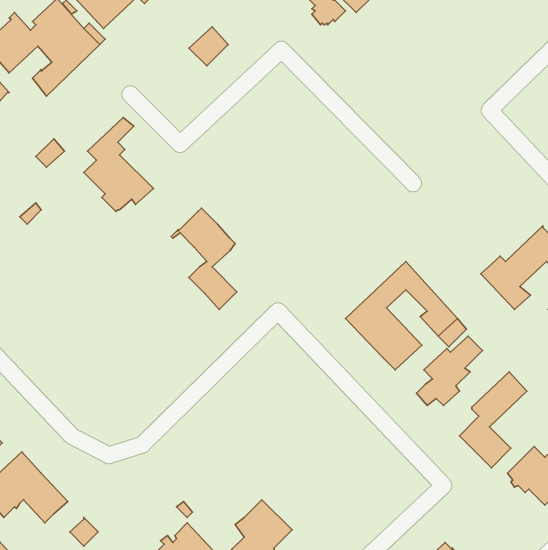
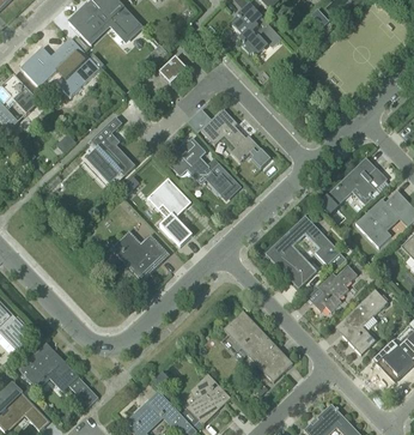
building: none -> [200,108,270,168]
building: none -> [166,138,241,200]
building: none -> [325,157,385,206]
building: none -> [112,230,168,280]
building: none -> [223,310,293,382]

